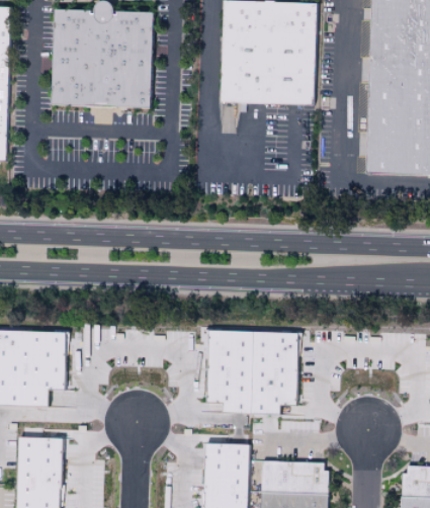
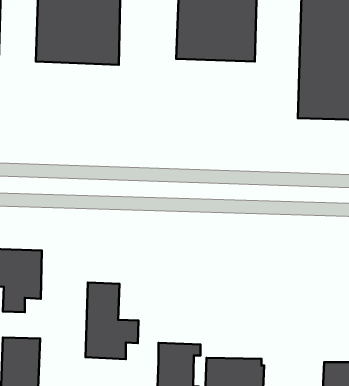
building: [210,330,296,414] -> none
building: none -> [86,282,139,359]

